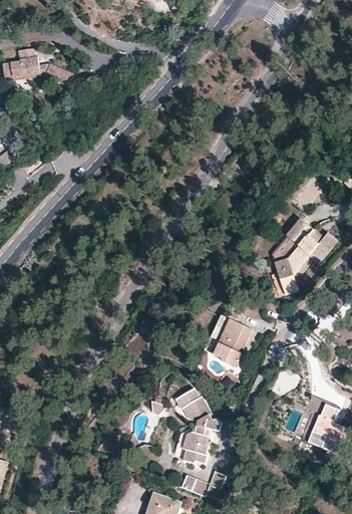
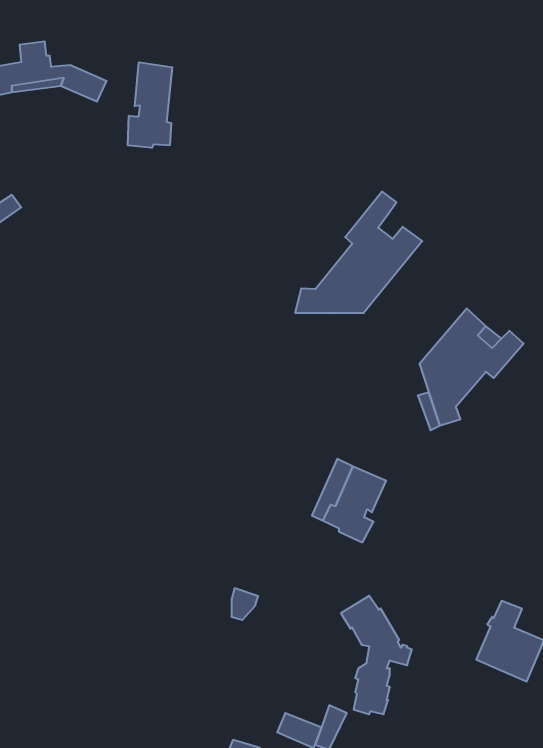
building: none -> [128,62,172,148]
building: none -> [295,192,422,313]
building: [175,388,221,463] -> [341,596,412,714]

